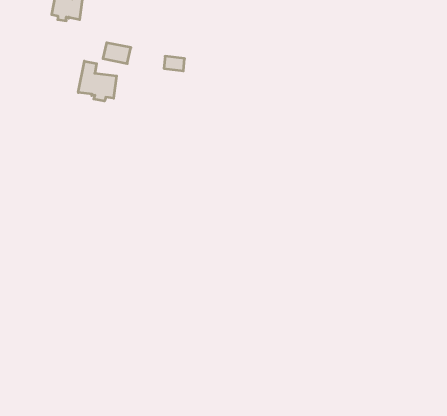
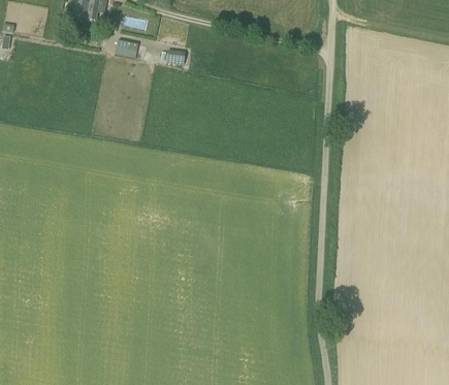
building: [78,61,117,101] -> none

